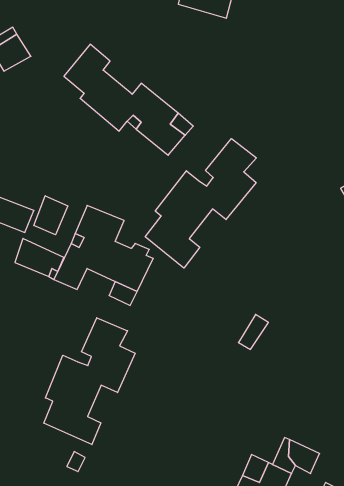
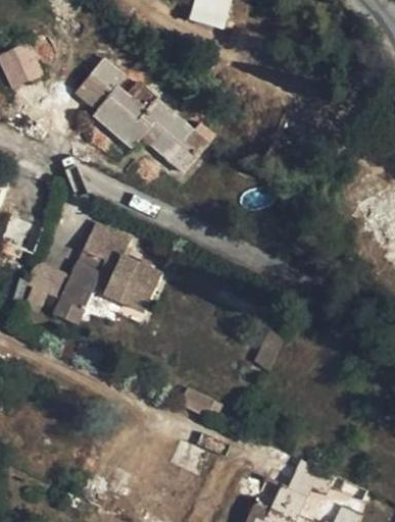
building: [145,139,256,268] -> none
building: [34,196,68,235] -> none
building: [44,318,135,445] -> none

